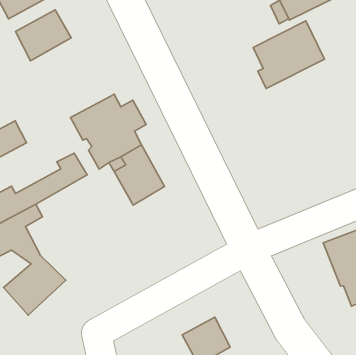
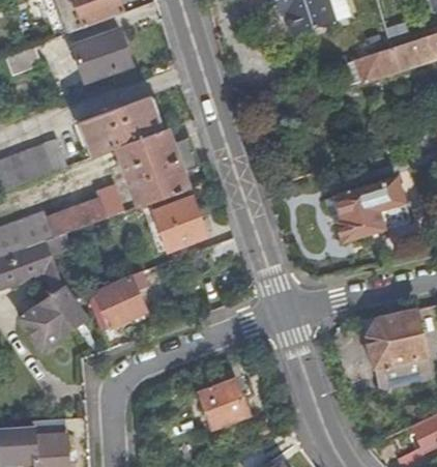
building: [253,21,325,89] -> [334,175,408,240]
building: none -> [78,97,161,158]
building: none -> [86,269,149,350]

